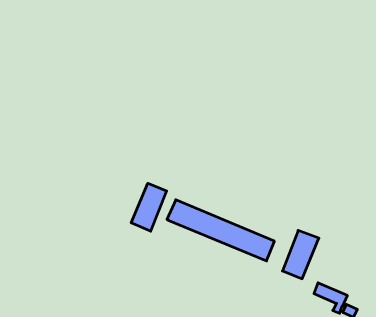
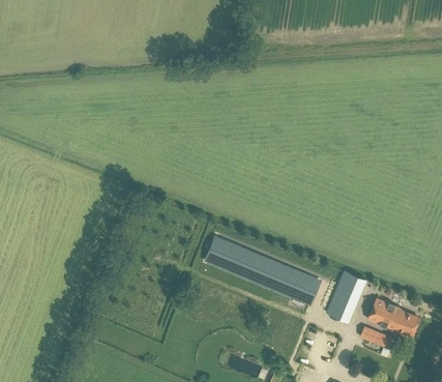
building: [131,183,167,231] -> none
building: none -> [367,297,419,334]

